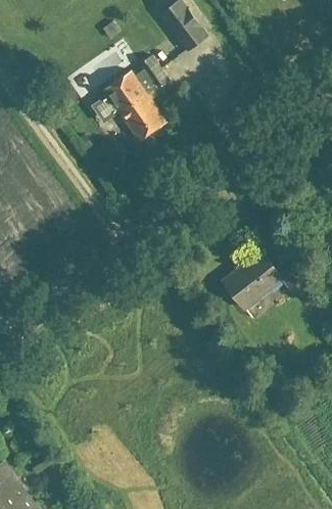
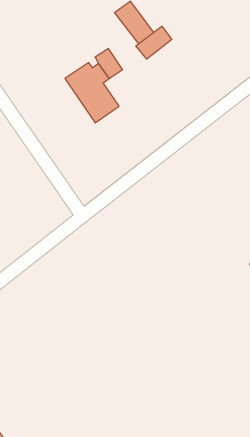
building: none -> [136,26,172,59]
building: [224,250,304,310] -> none

